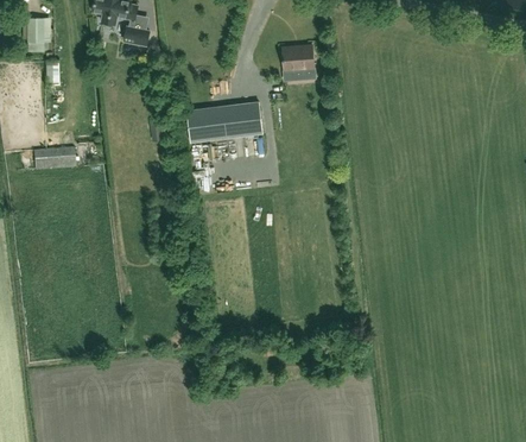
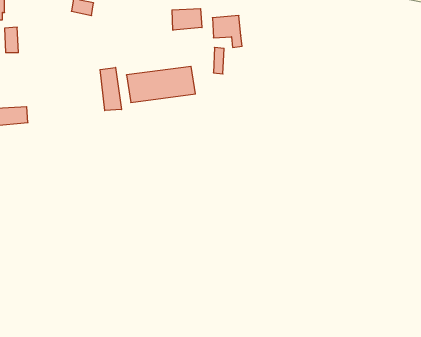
building: none -> [172,9,202,30]
building: none -> [100,67,121,111]

